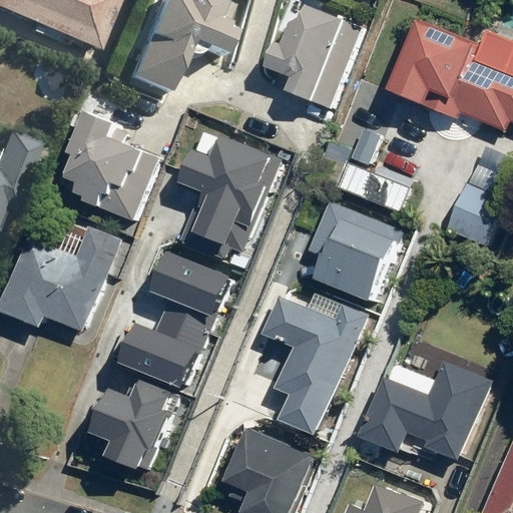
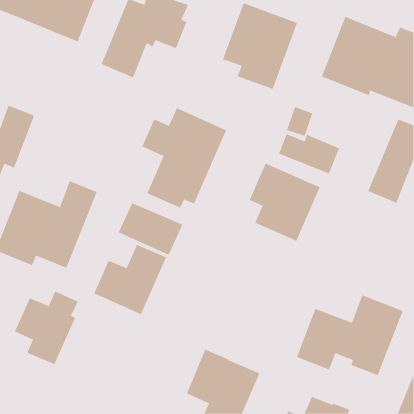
building: [68,114,162,223] -> none
building: [261,295,365,433] -> none
building: [87,378,166,469] -> [14,291,78,365]

